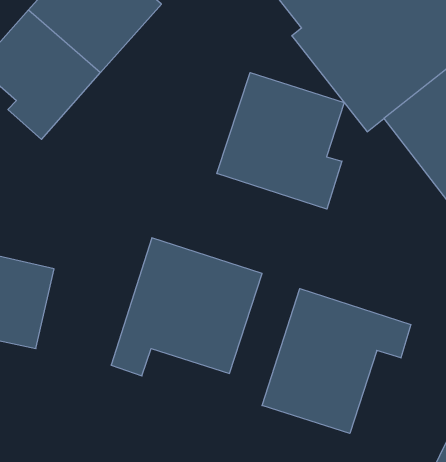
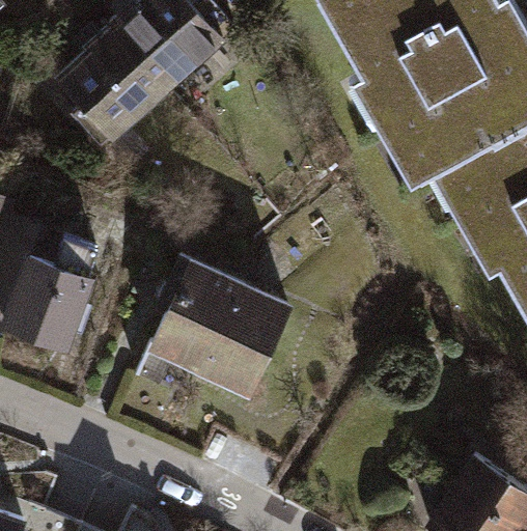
building: [217,73,344,209] -> none
building: [262,289,411,433] -> none

